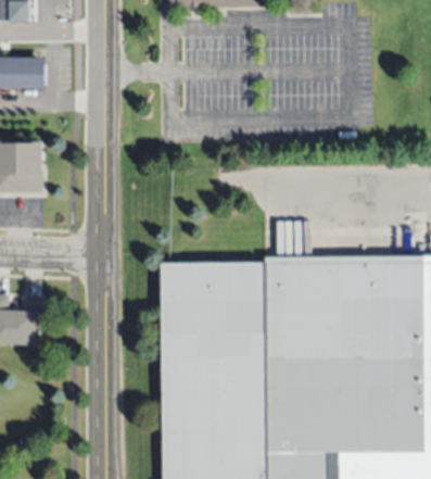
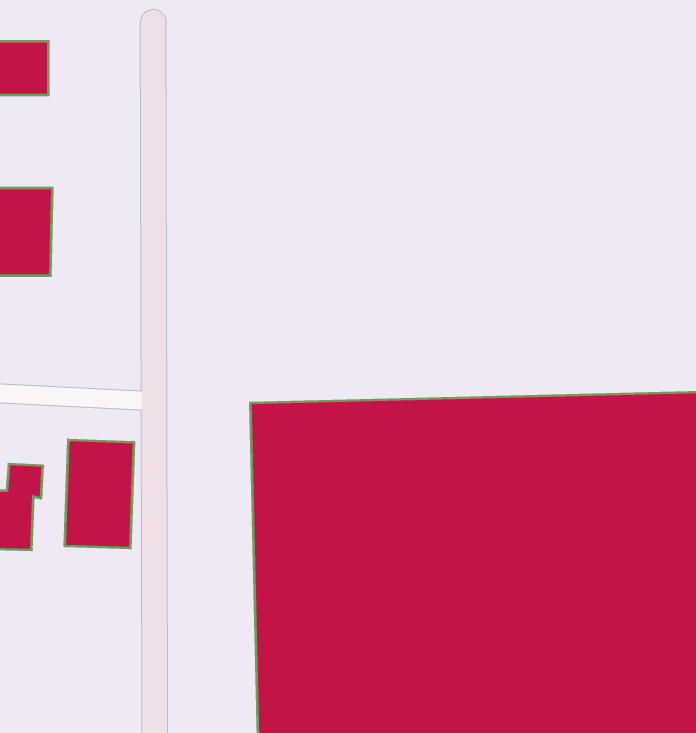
building: none -> [65,440,134,548]

